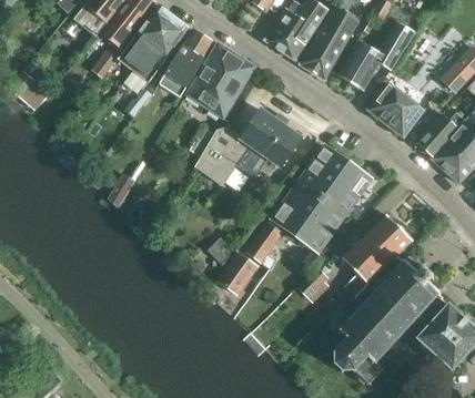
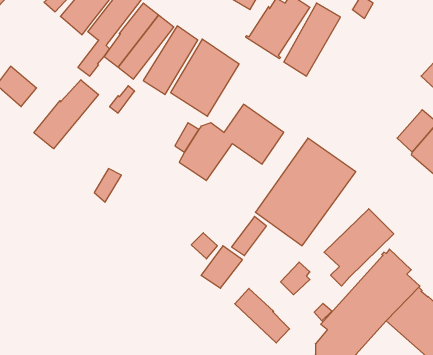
building: [338,23,417,90] -> none
building: [368,82,425,137] -> none
building: none -> [34,80,99,149]
building: none -> [235,288,290,343]

